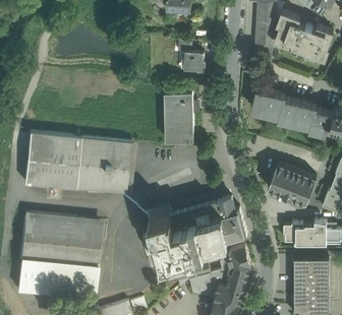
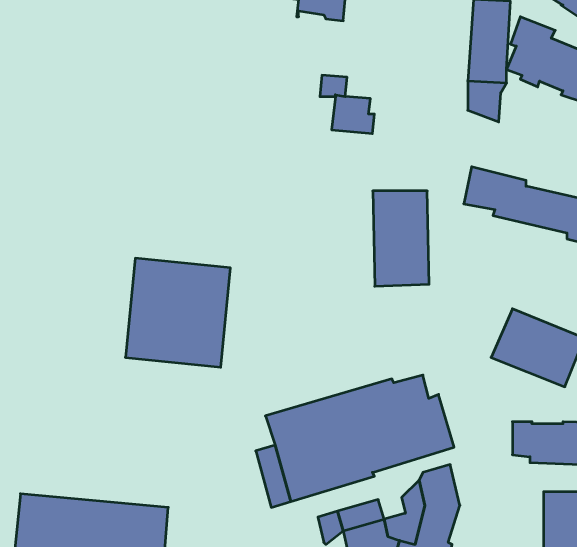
building: [165,93,194,143] -> [373,191,429,286]
building: [24,132,81,189] -> none
building: [20,218,103,267] -> none

